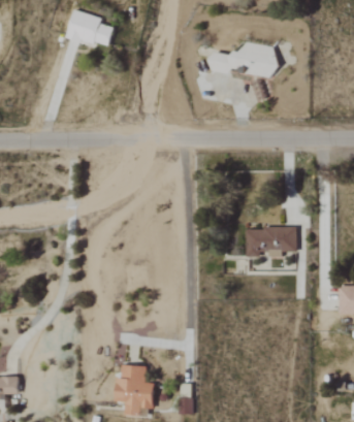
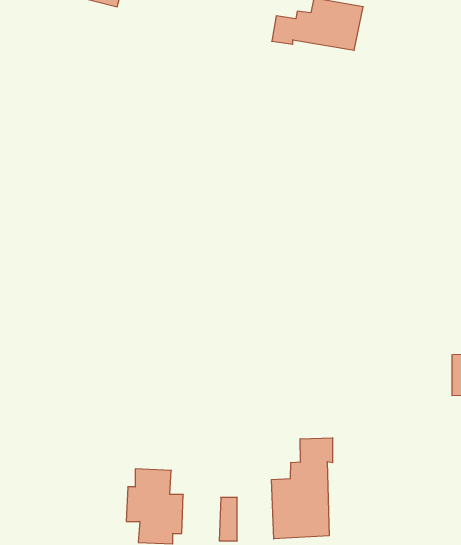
building: [238,227,295,256] -> none
building: none -> [271,438,333,539]

